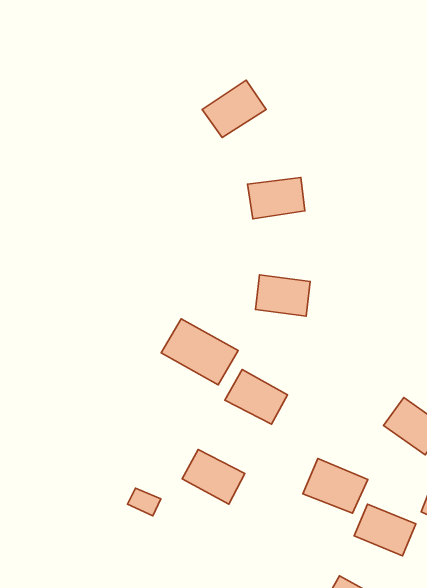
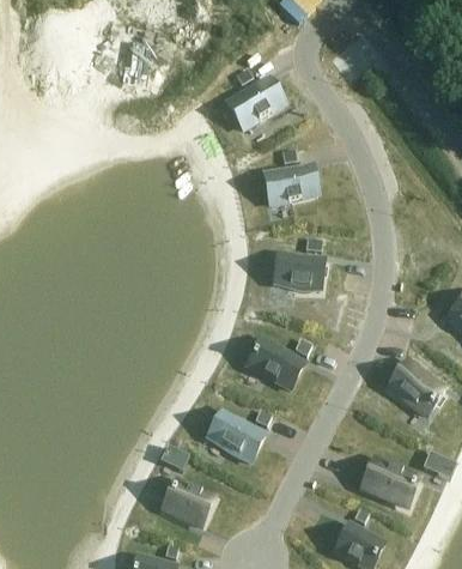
building: [161,319,238,385] -> none
building: [303,459,368,513] -> none
building: none -> [164,482,213,526]

